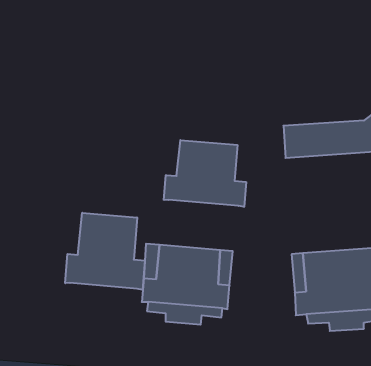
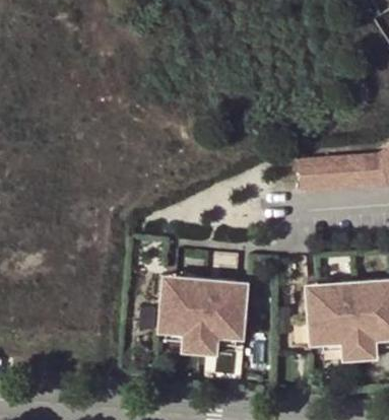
building: [164,140,246,207] -> none
building: [65,213,145,290] -> none

